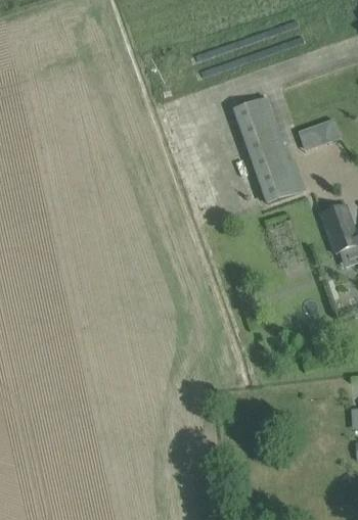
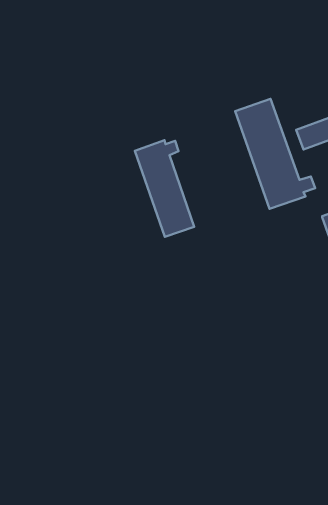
building: none -> [135,140,194,237]

